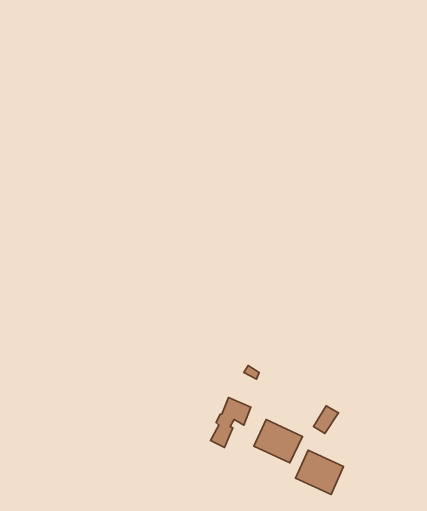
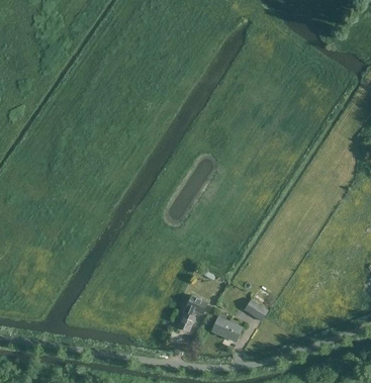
building: [296,450,344,494] -> none

